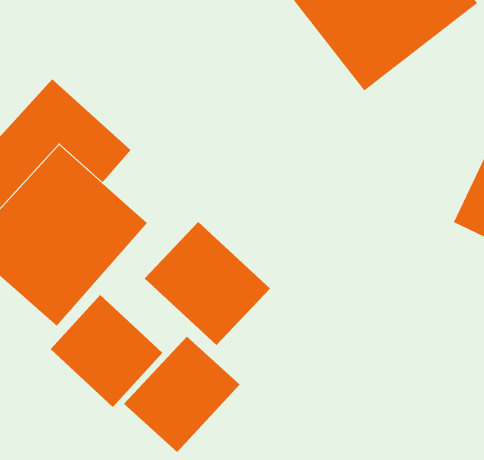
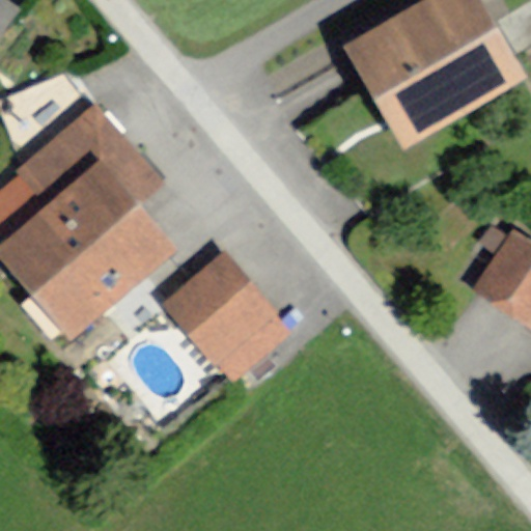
building: [50,294,163,408] -> none
building: [123,336,240,453] -> none

